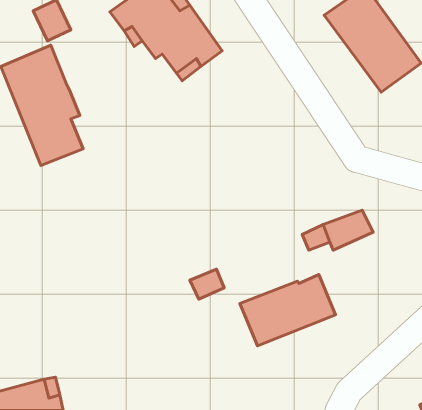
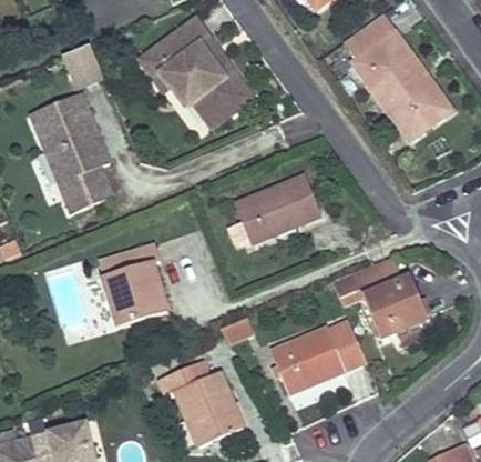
building: none -> [227,175,320,245]
building: none -> [98,243,167,327]
building: none -> [362,275,428,338]
building: none -> [160,359,244,445]

